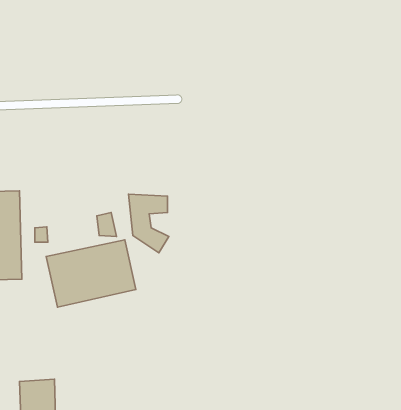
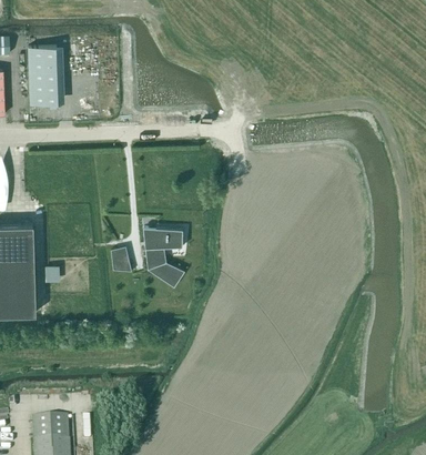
building: none -> [29,47,59,104]
building: [46,240,136,307] -> none

